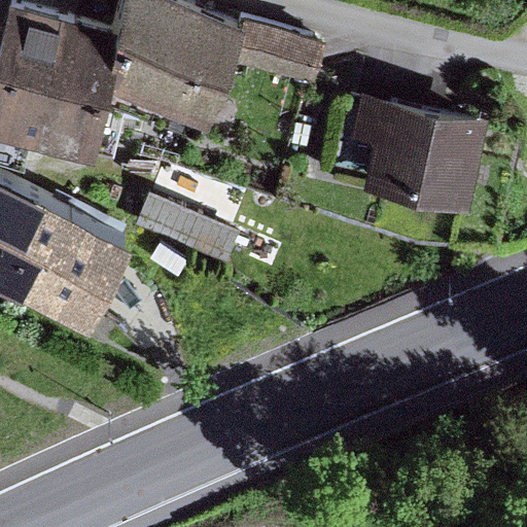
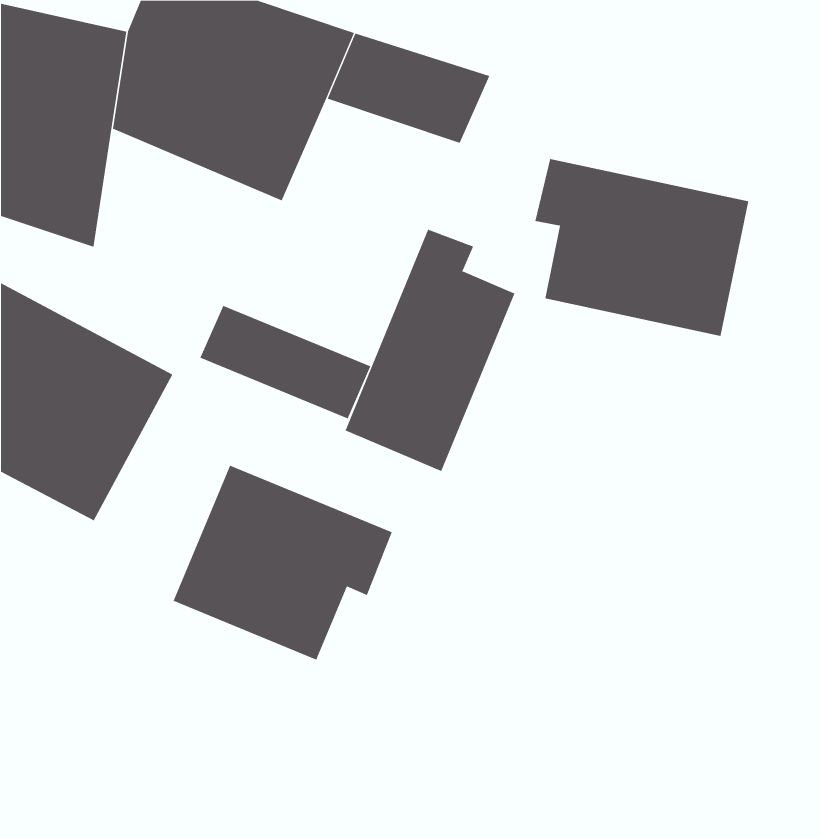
building: none -> [345,229,515,472]
building: none -> [173,465,392,660]

